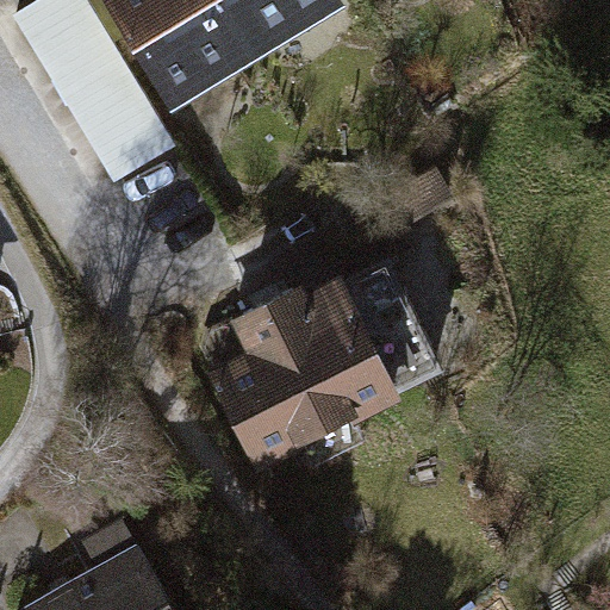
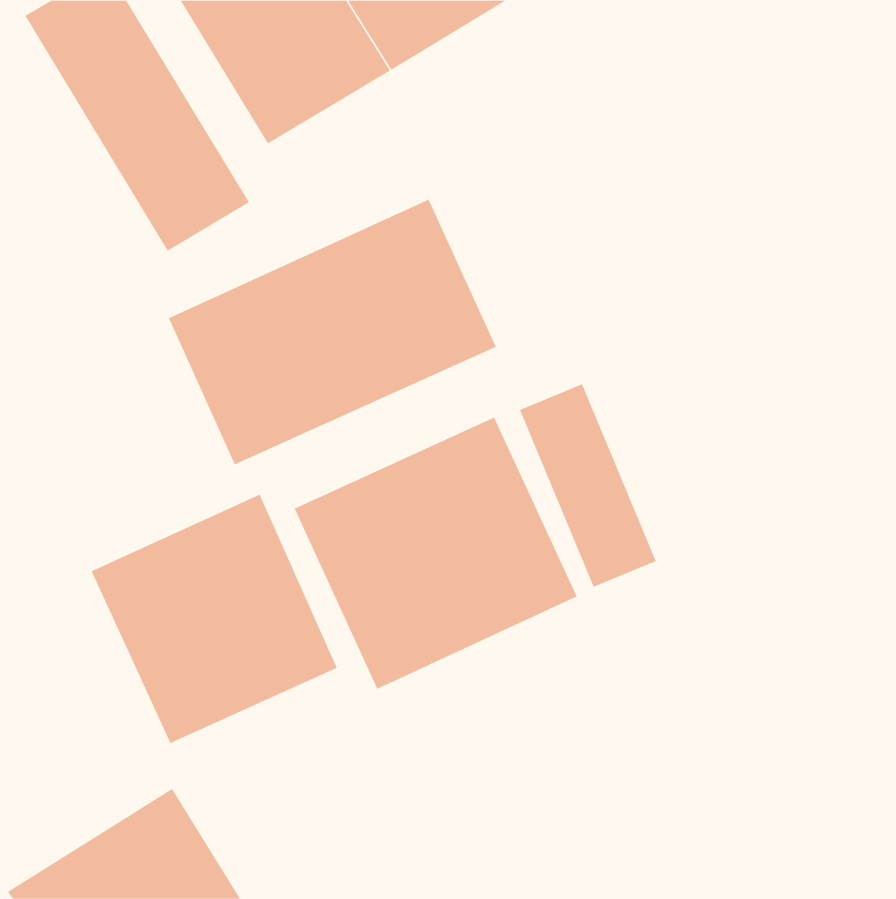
building: none -> [168,199,496,465]
building: none -> [91,494,338,744]

